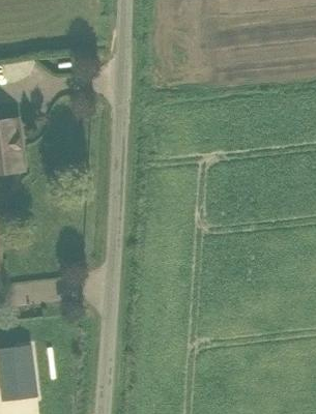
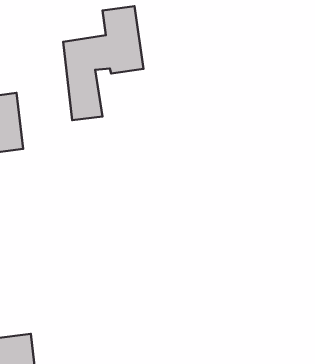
building: none -> [63,6,144,120]

